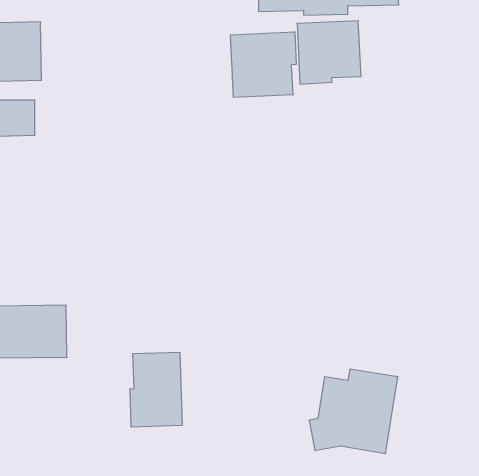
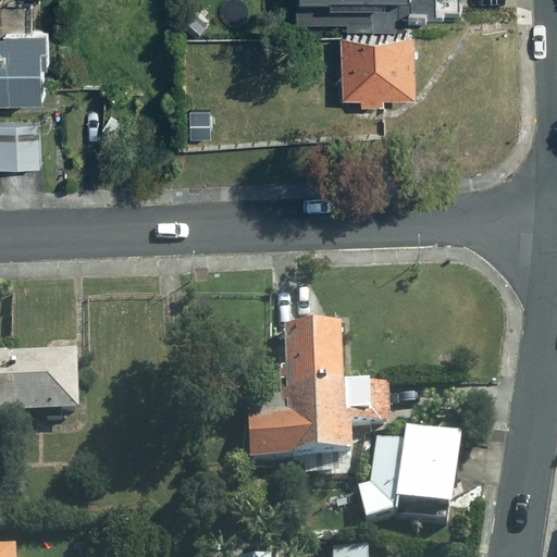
building: [230,32,296,97] -> none
building: none -> [247,323,389,457]
building: [130,352,182,427] -> none

